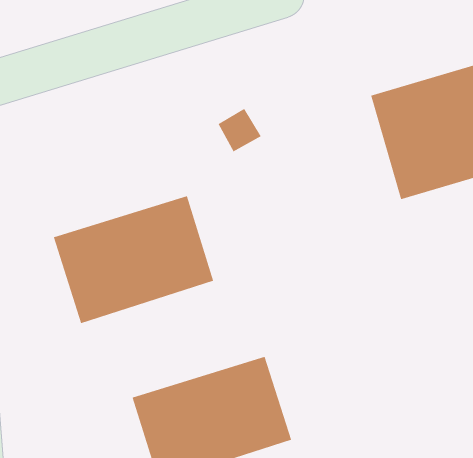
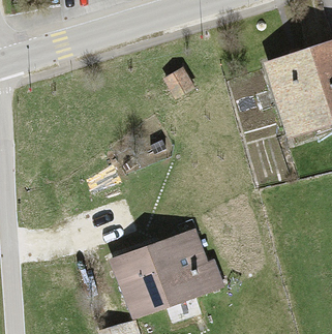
building: [53,195,214,324] -> none

